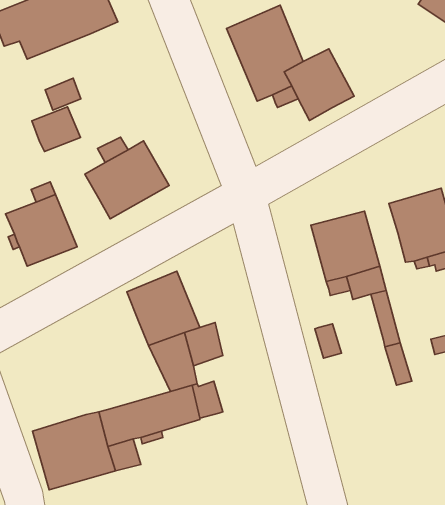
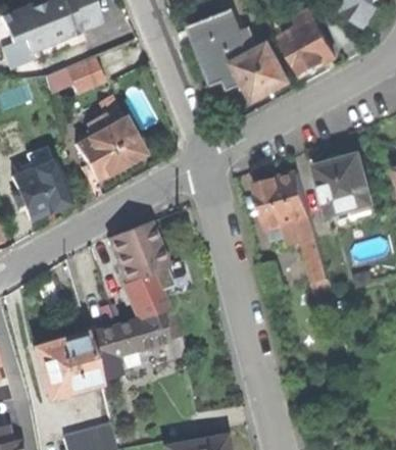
building: none -> [282,10,335,74]
building: [32,107,80,152] -> [65,56,104,92]

